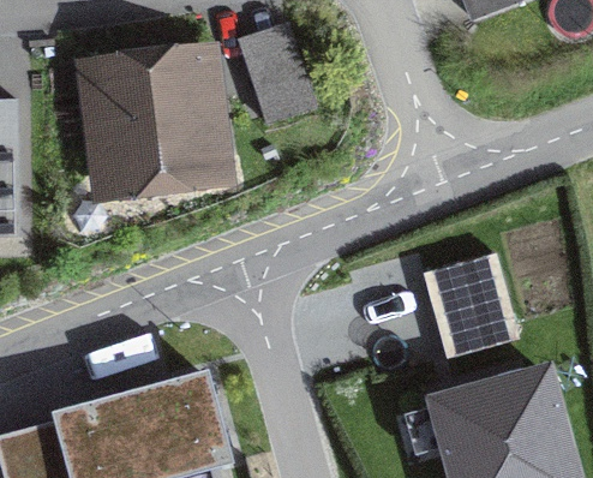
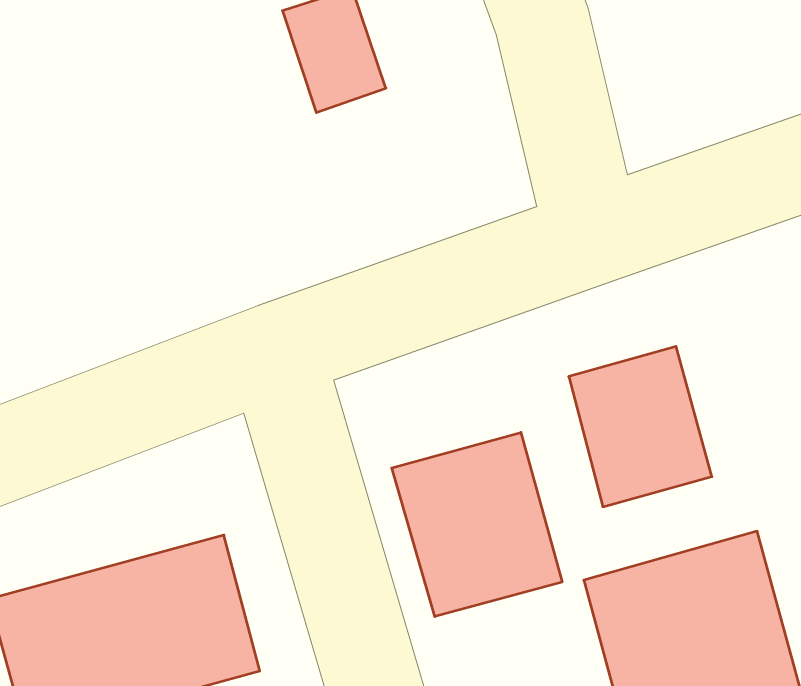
building: [91,55,211,184] -> none
building: none -> [392,432,562,617]

